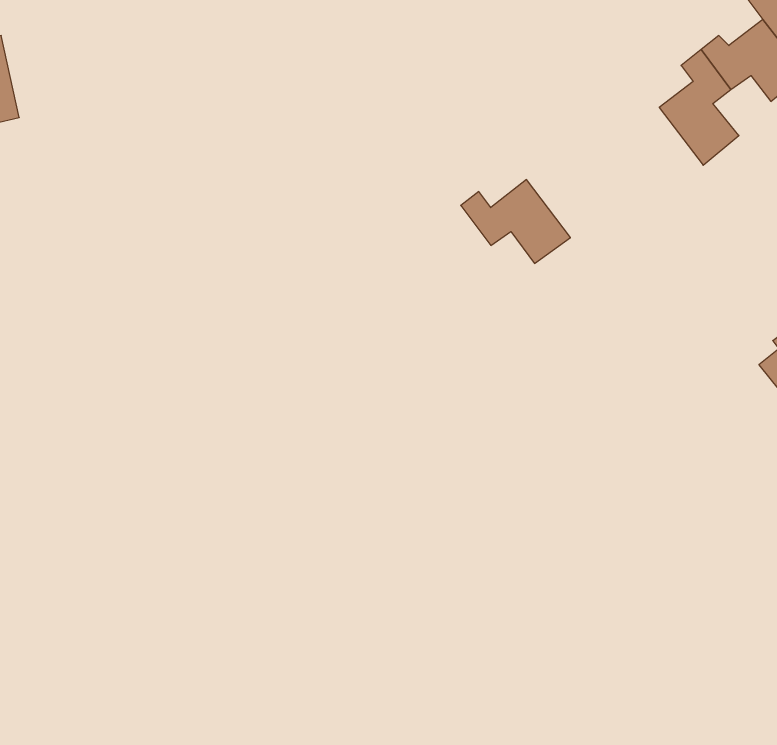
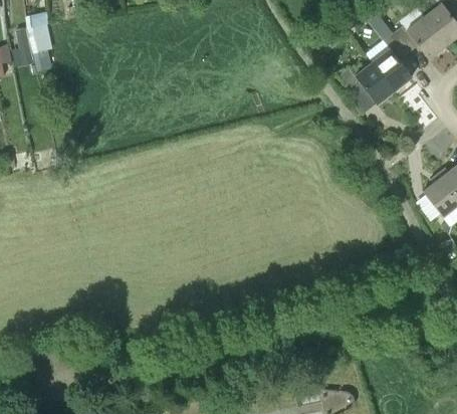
building: [461,180,570,263] -> [340,62,396,105]

